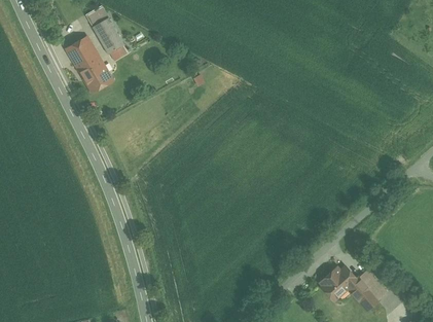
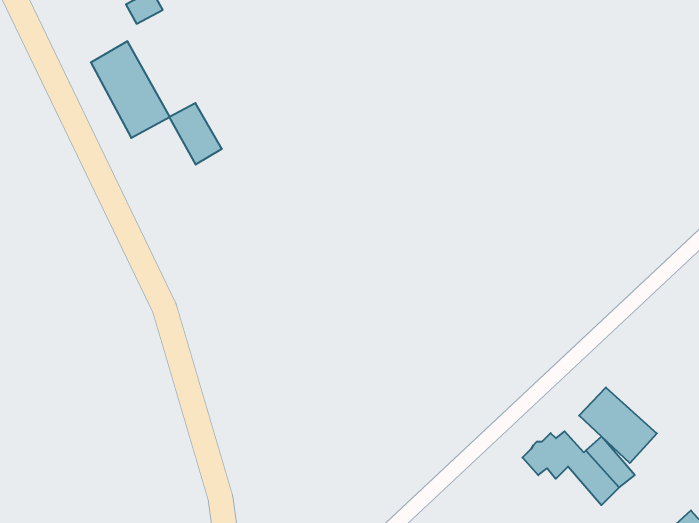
building: [94,20,124,56] -> [169,103,222,165]
building: none -> [579,387,657,463]

